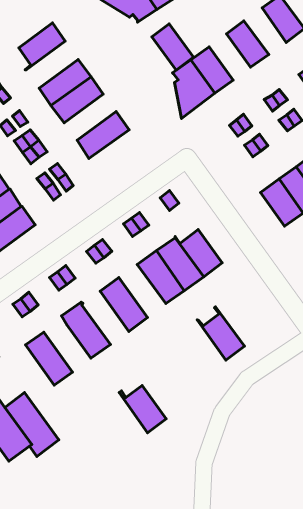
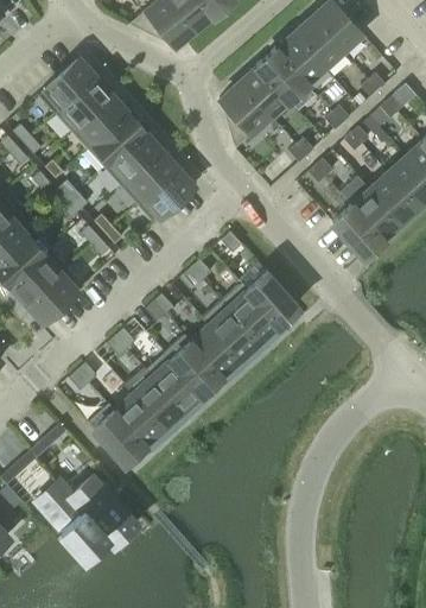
building: none -> [294,15,344,66]
building: [152,24,193,70] -> [259,49,307,100]
building: none -> [57,76,114,132]
building: none -> [106,131,163,185]
building: none -> [138,167,196,222]
building: none -> [147,352,203,410]
building: [197,307,244,360] -> [185,317,241,375]
building: [119,386,166,433] -> [108,393,164,445]

